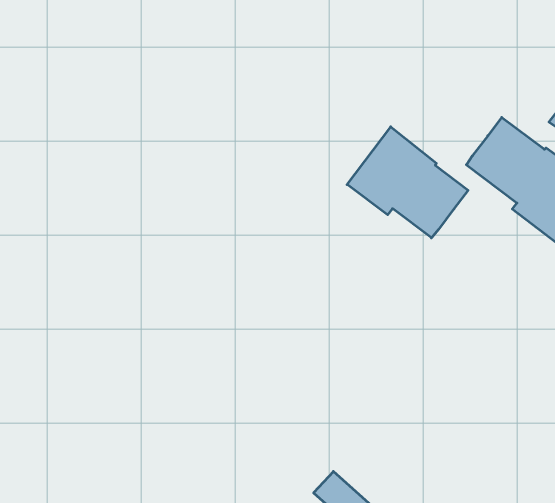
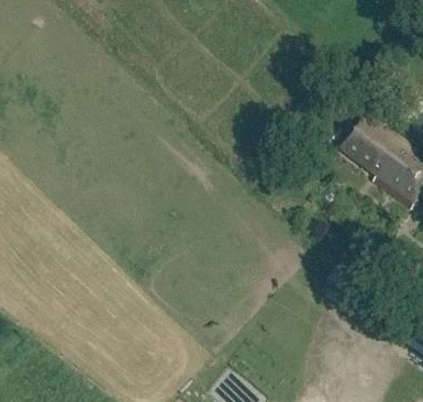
building: [347,127,468,238] -> none

